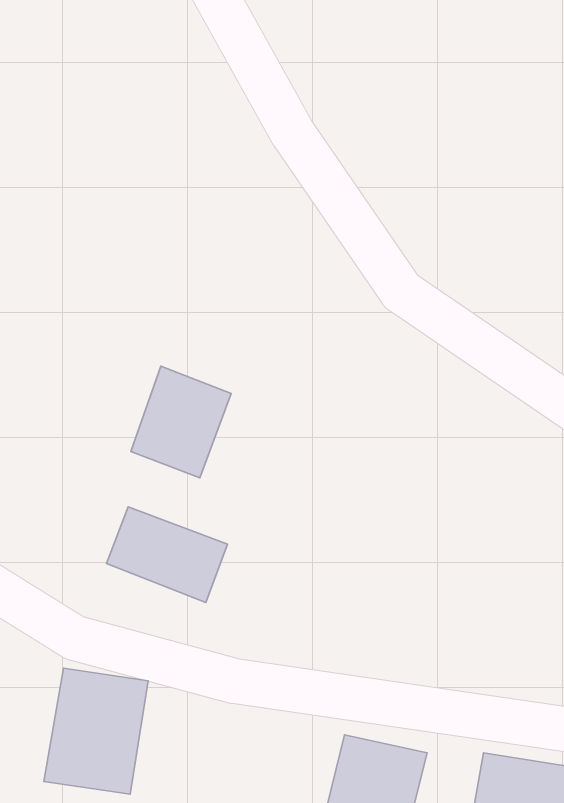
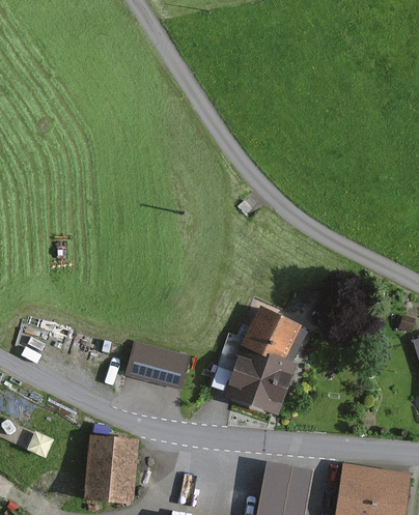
building: [131,366,231,478] -> none
building: none -> [228,301,312,414]

